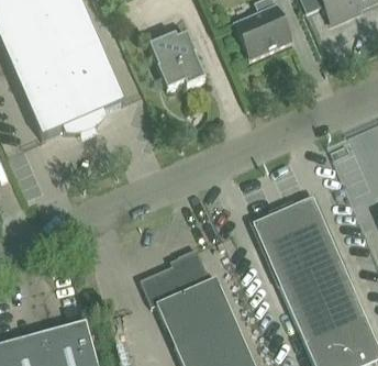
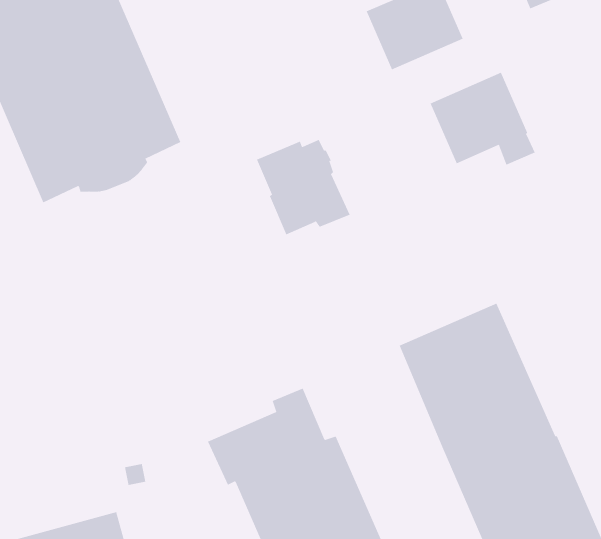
building: [149,31,205,88] -> [256,139,350,235]
building: none -> [430,72,535,166]

